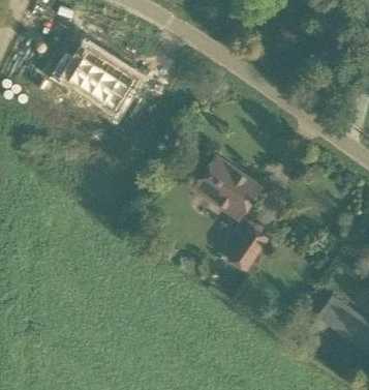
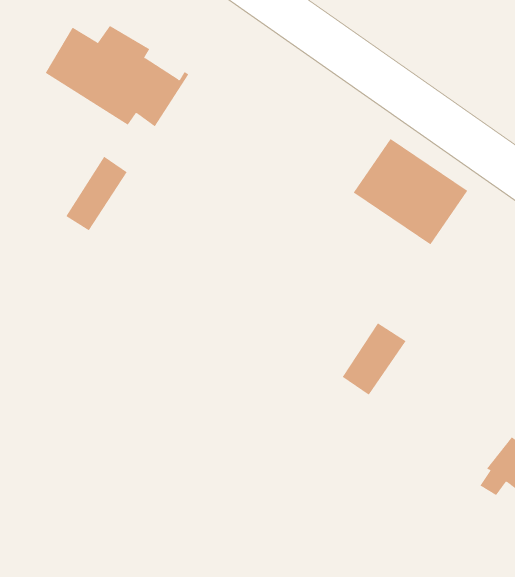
building: none -> [66,156,128,231]
building: [191,154,262,219] -> [353,138,468,245]

